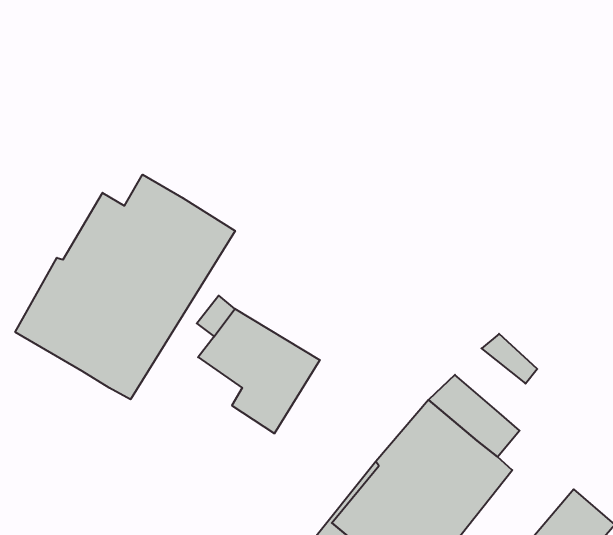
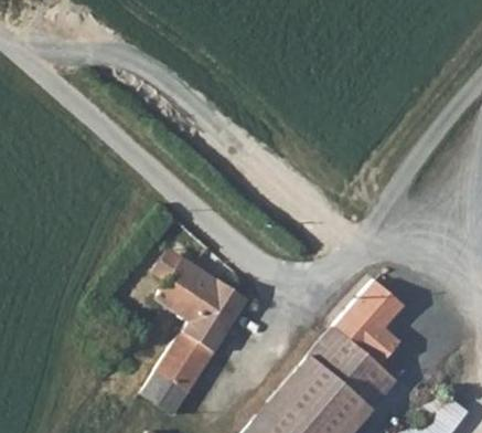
building: [15,175,235,399] -> none
building: none -> [349,289,401,338]
building: none -> [138,332,213,416]

